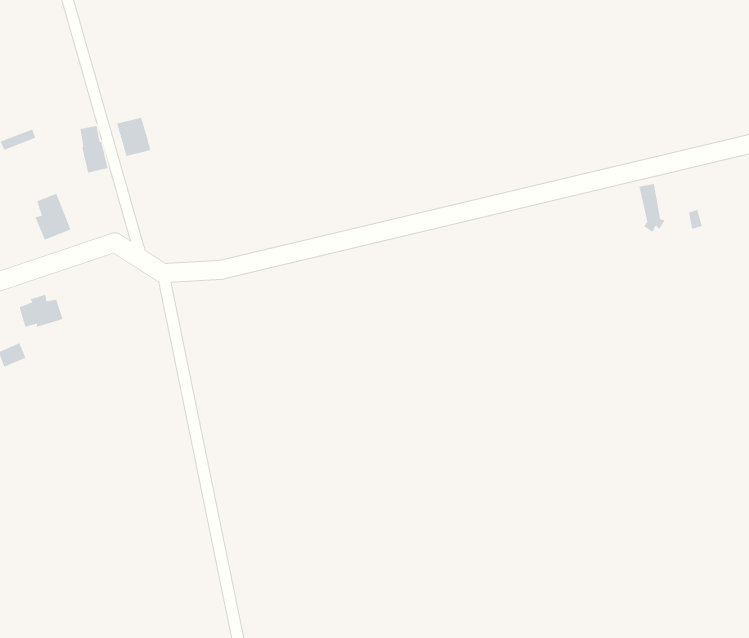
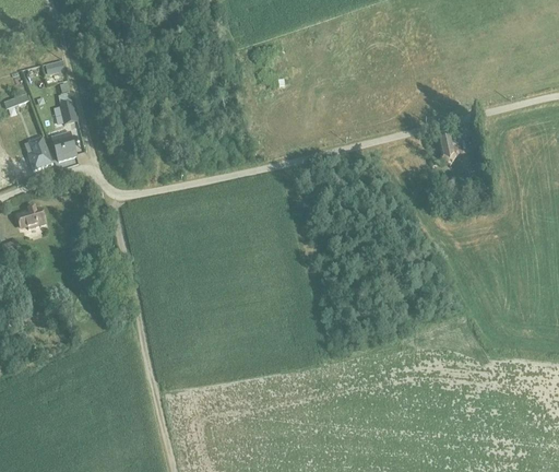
building: [116,117,152,157] -> [51,131,75,158]

